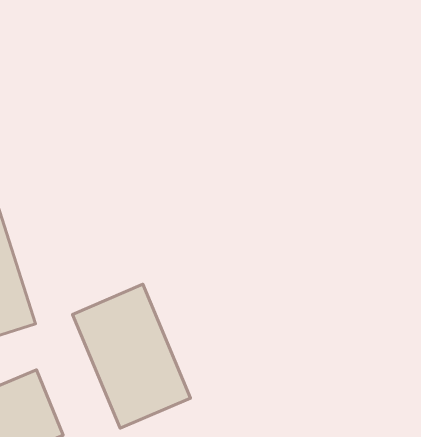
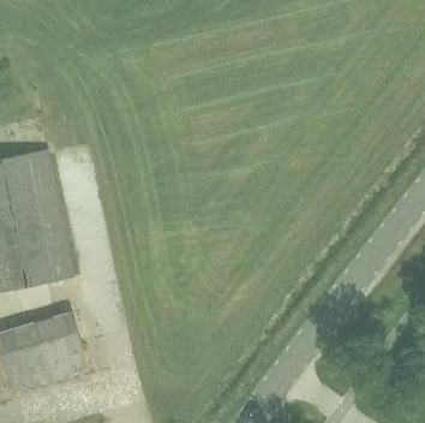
building: [73,284,191,428] -> none

